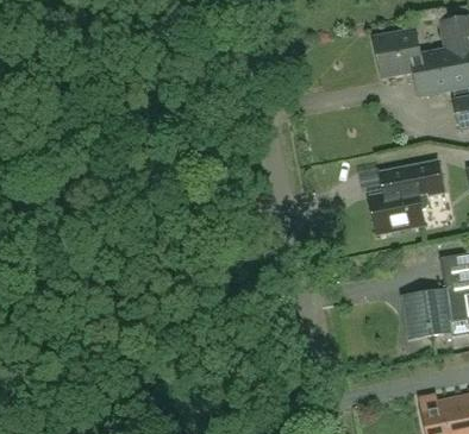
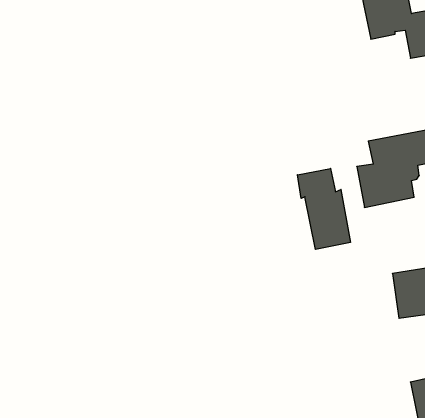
building: none -> [297,168,350,249]

